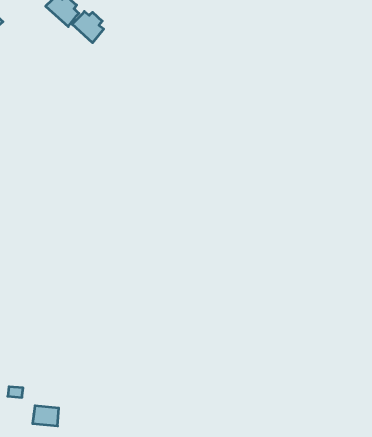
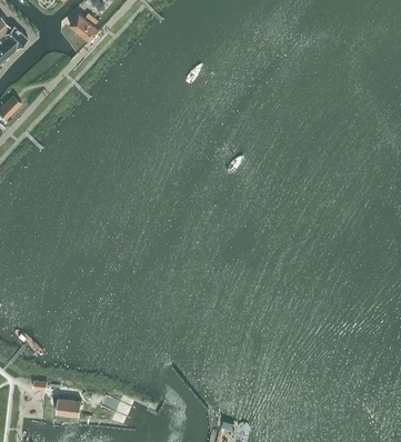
building: [72,11,104,43] -> none

